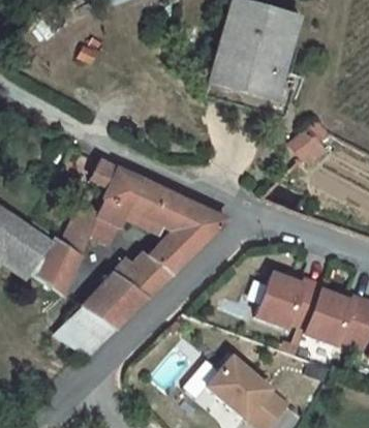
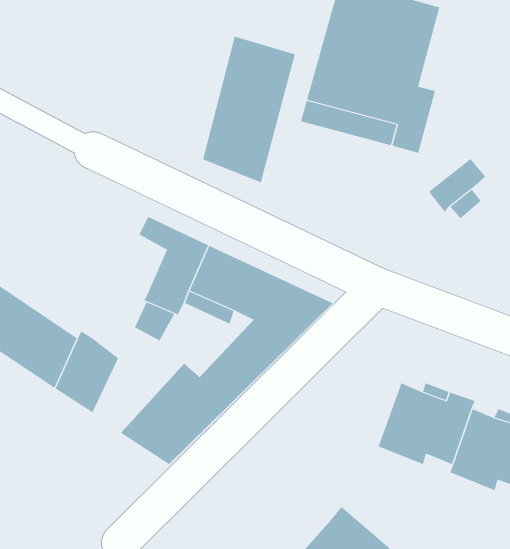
building: none -> [202,36,296,183]
building: [64,204,100,255] -> none
building: [58,306,116,355] -> none

